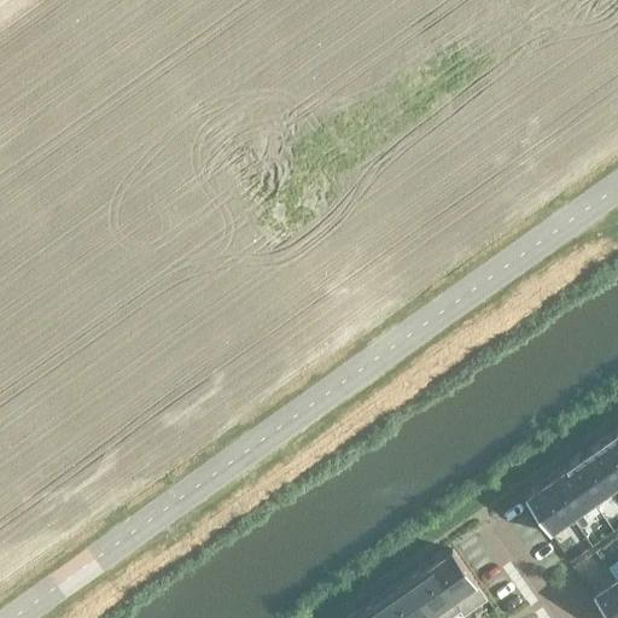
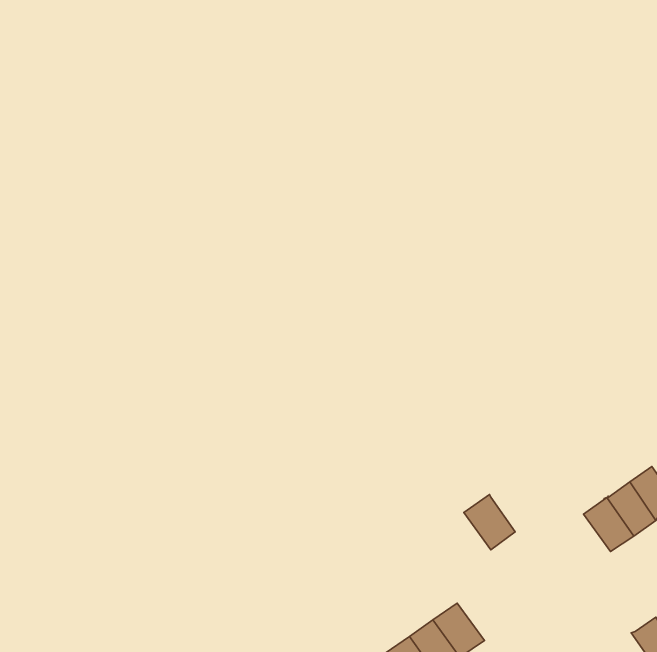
building: [525,488,573,540] -> none
building: [430,554,478,606] -> [464,494,515,550]

